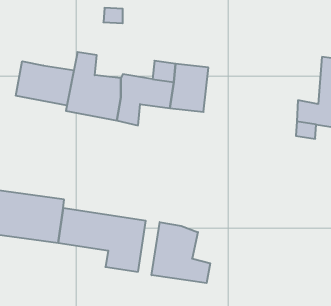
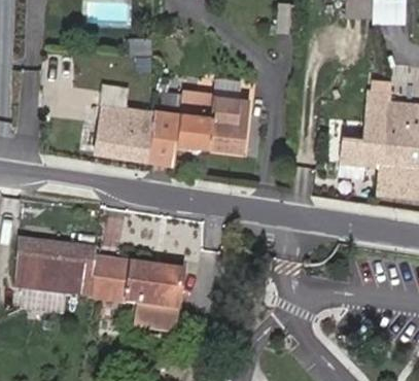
building: [16,61,74,106] -> none
building: [152,222,210,283] -> none

